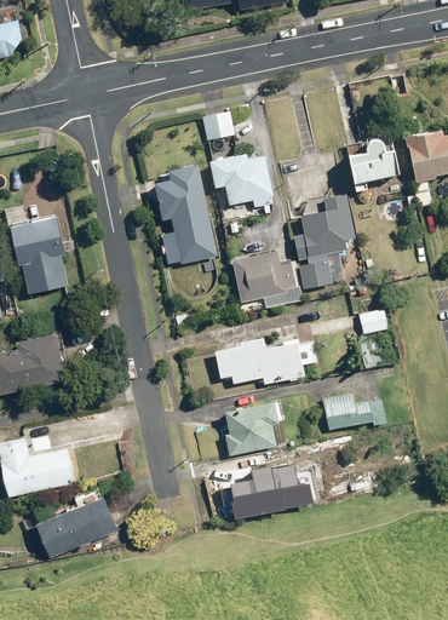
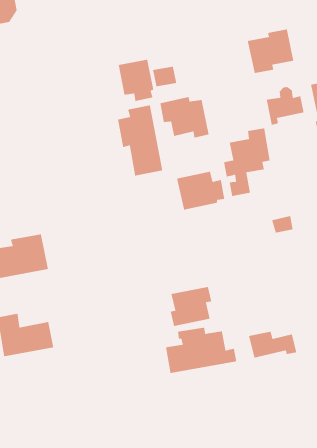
building: none -> [247,29,294,74]
building: none -> [118,59,154,102]
building: [10,218,67,294] -> none
building: [216,338,315,385] -> none
building: [320,394,384,430] -> [248,331,297,359]
building: [35,496,116,557] -> none

